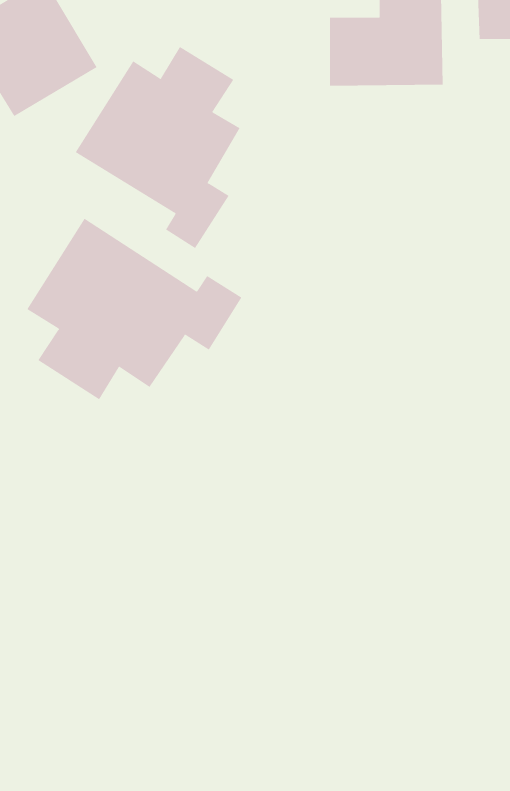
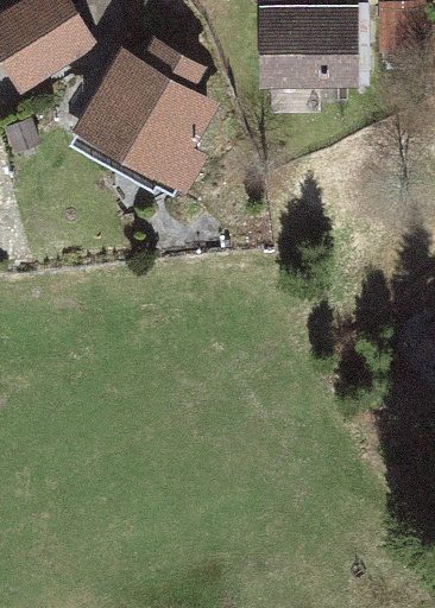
building: [27,218,242,400] -> none

